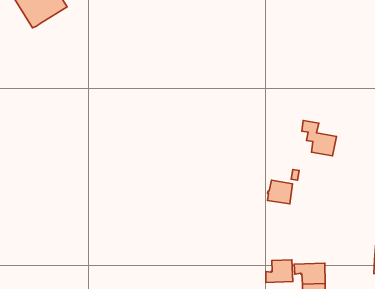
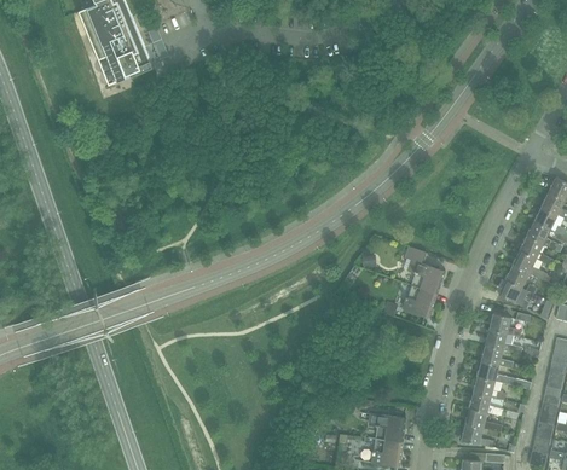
building: [267,180,293,204] -> [403,285,435,317]
building: [266,260,293,282] -> none

